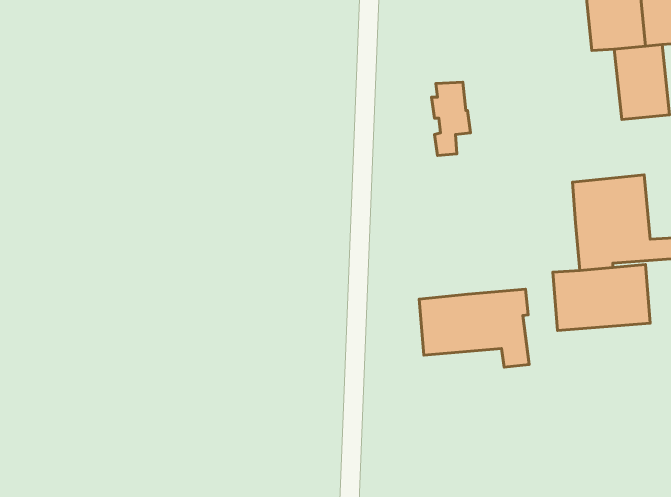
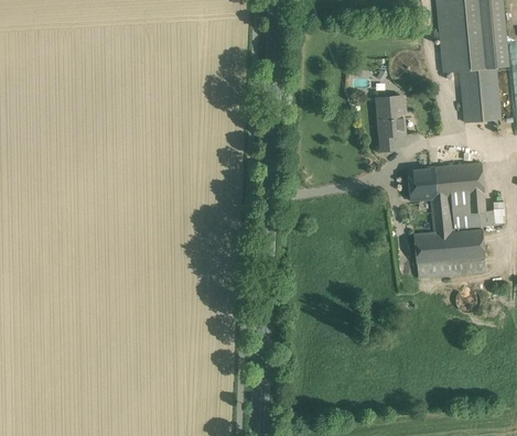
building: [431,82,470,155] -> [377,97,406,151]
building: none -> [408,168,431,200]
building: [419,289,529,367] -> none

